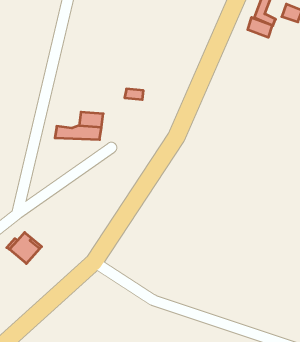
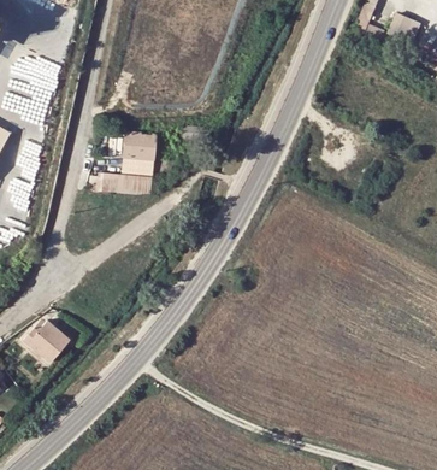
building: [248,17,272,37] -> none
building: none -> [122,133,154,159]

